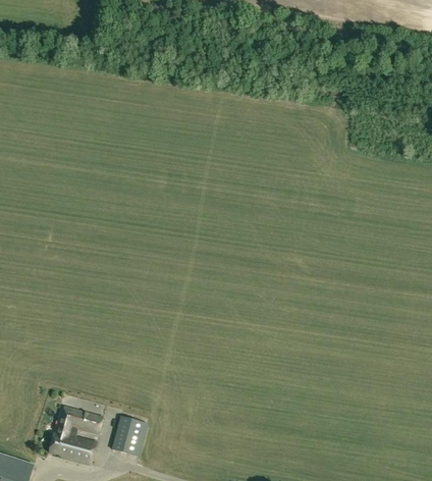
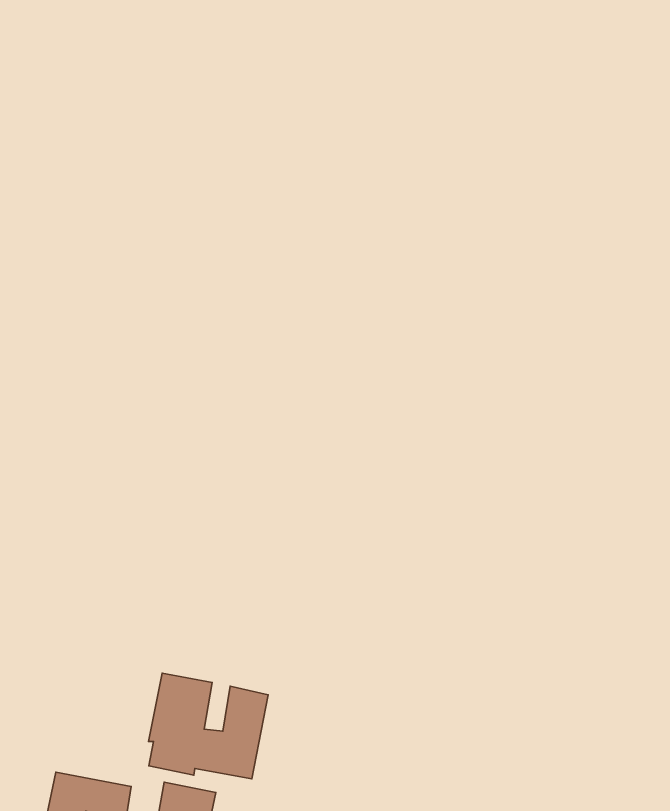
building: none -> [148,673,268,779]

